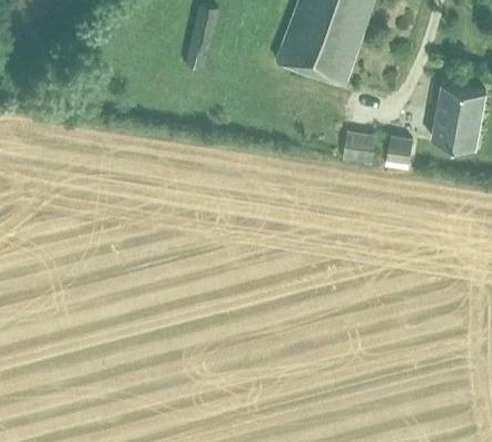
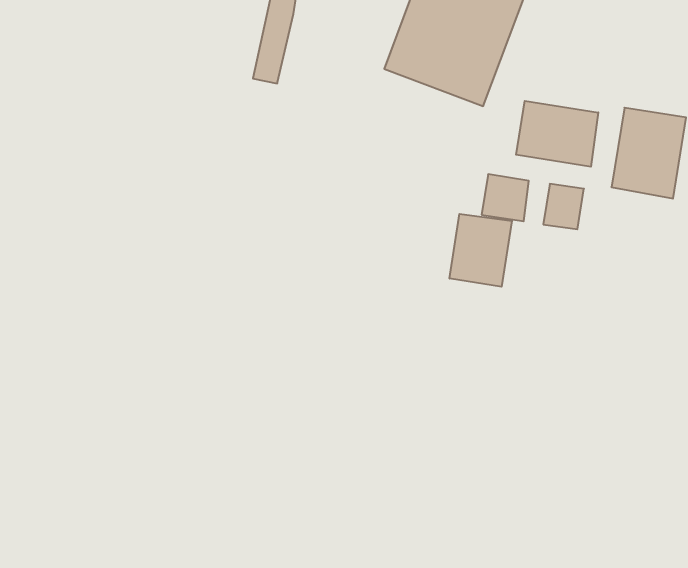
building: none -> [516,101,598,167]
building: none -> [450,214,512,287]

